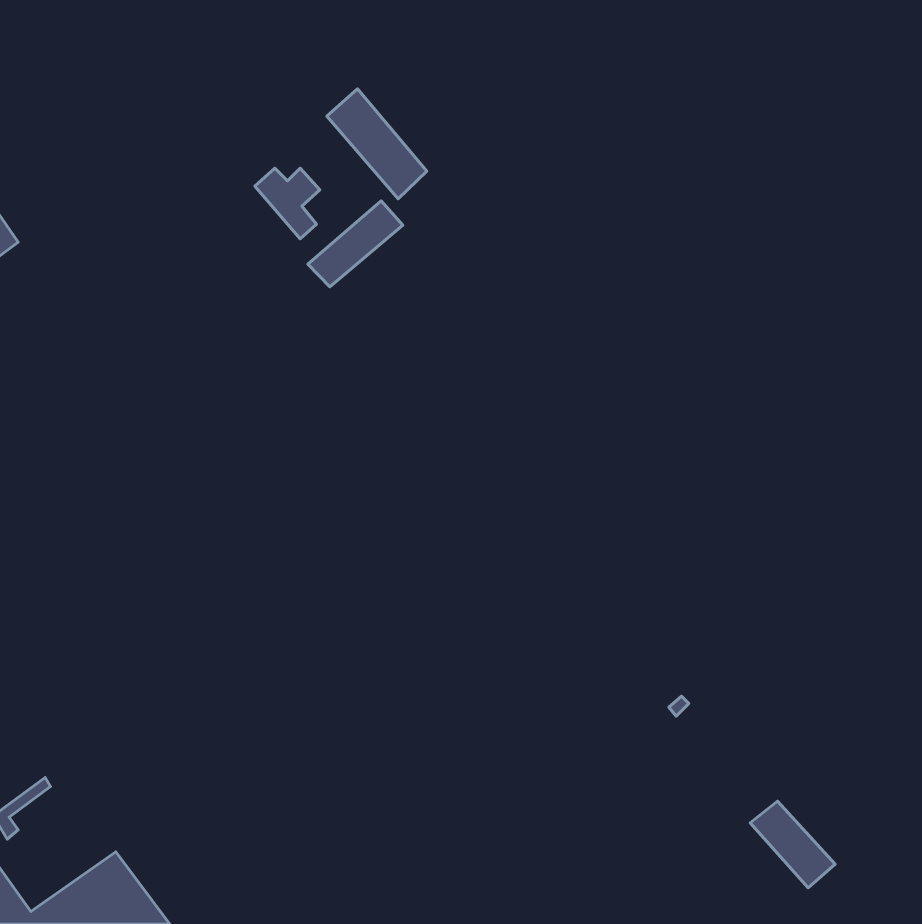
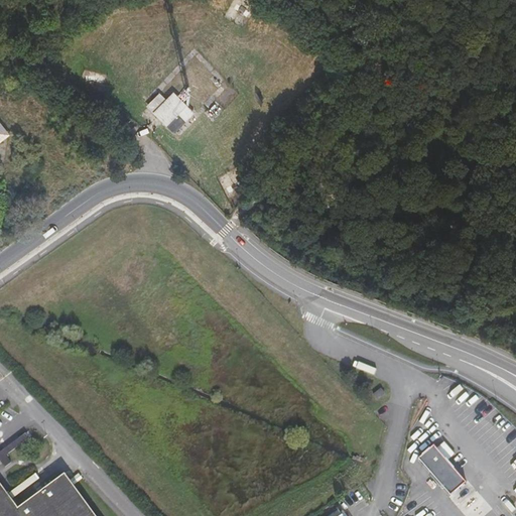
building: [327,89,427,199] -> none
building: [308,201,403,287] -> none

